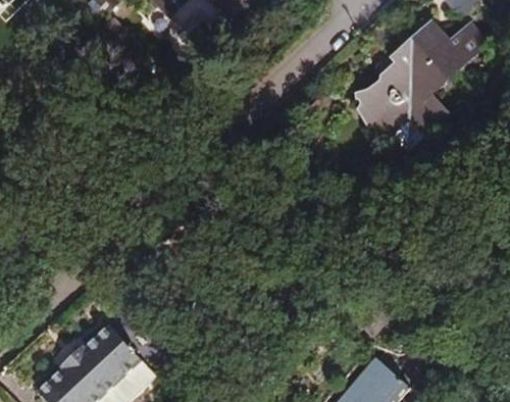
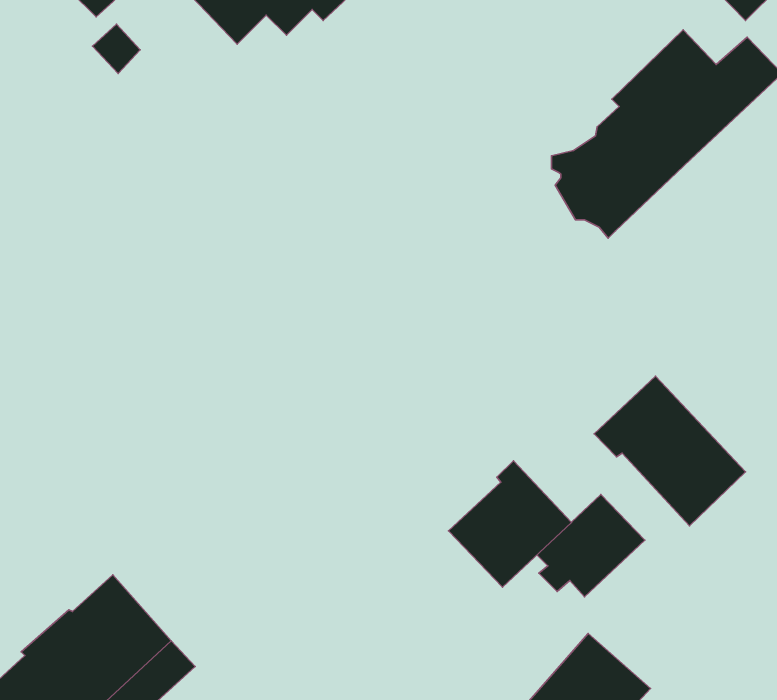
building: [391,93,451,152] -> none
building: none -> [594,376,745,526]
building: none -> [448,461,571,587]

